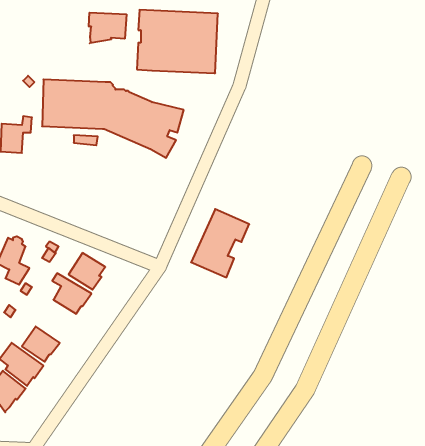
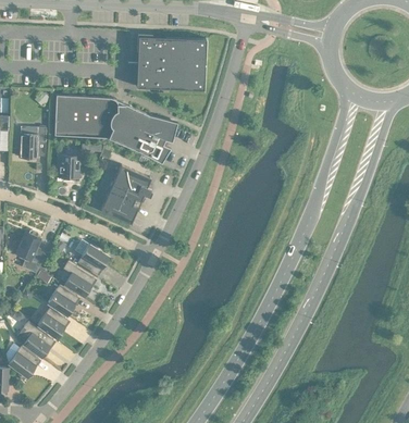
building: [89,13,126,43] -> none
building: none -> [57,155,80,177]
building: [191,209,249,277] -> [100,165,150,224]
building: none -> [47,285,79,315]

